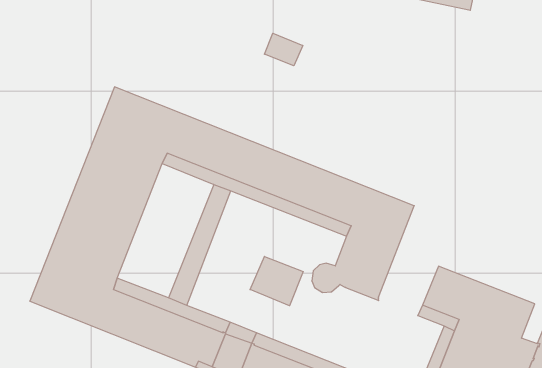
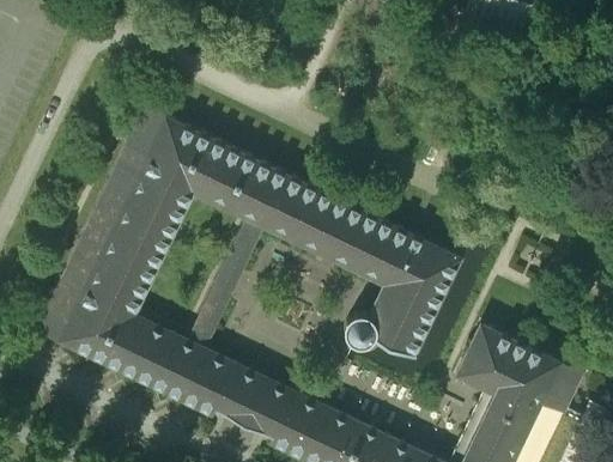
building: [264,33,303,66] -> none
building: [250,256,303,306] -> none

